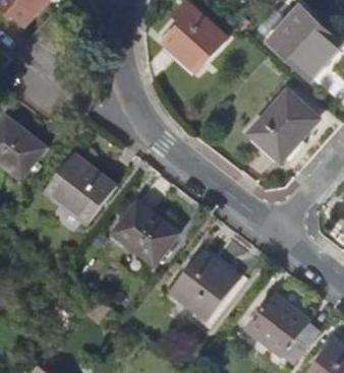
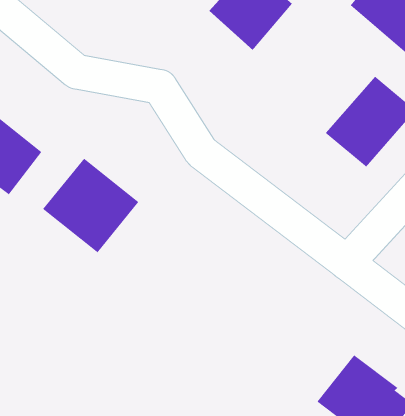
building: [111,202,176,266] -> none
building: [169,251,236,318] -> none

